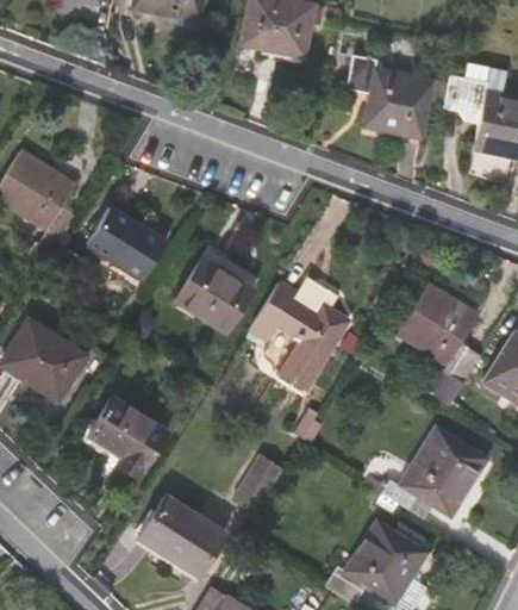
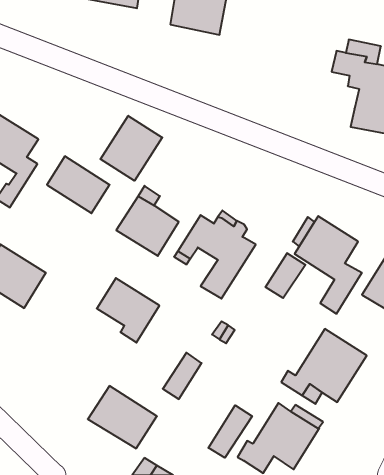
building: [347,55,448,137] -> none
building: none -> [100,116,162,181]
building: none -> [266,253,305,298]
building: [89,397,168,478] -> [97,278,159,343]
building: none -> [208,405,252,458]

